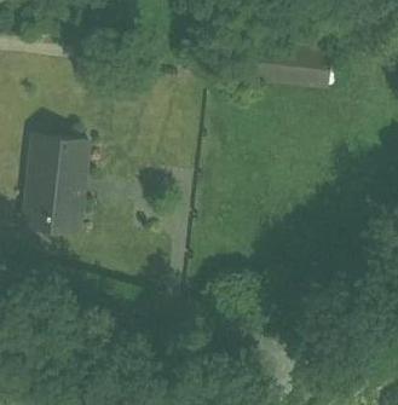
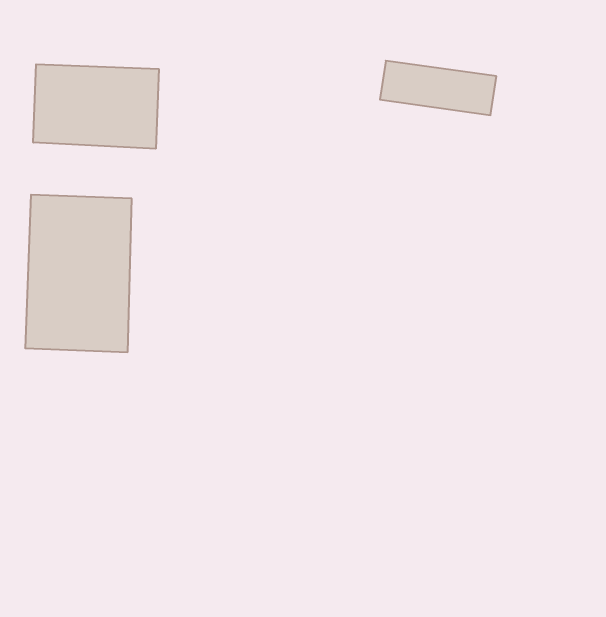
building: none -> [33,64,159,149]

